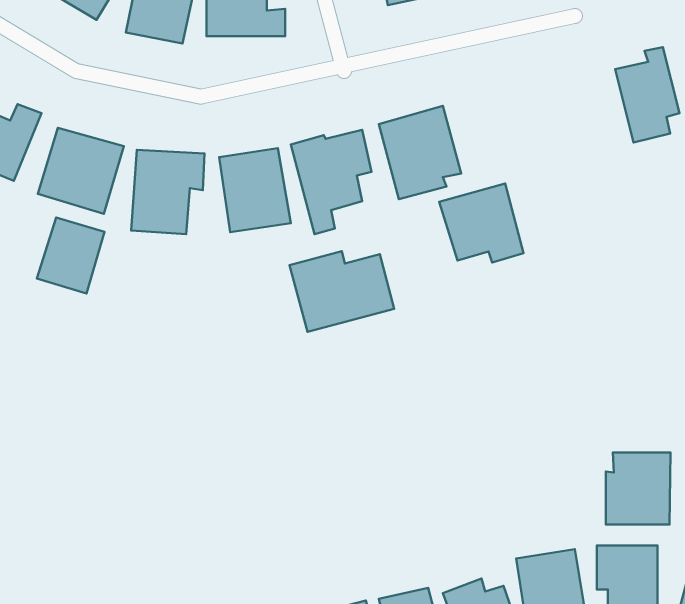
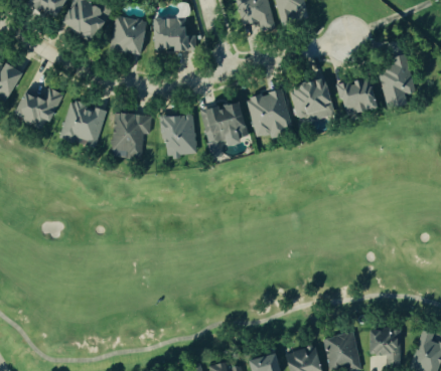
building: none -> [336,75,378,117]
building: [439,184,523,262] -> [289,76,335,120]
building: [37,218,104,294] -> none
building: [290,251,394,332] -> none
building: [606,452,670,525] -> none

